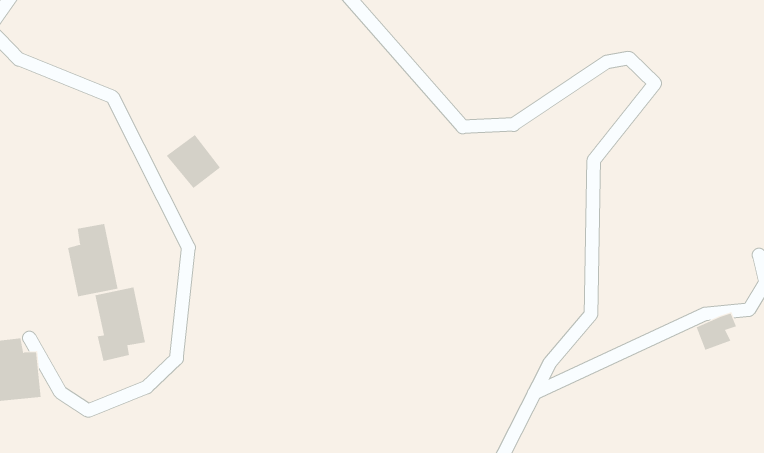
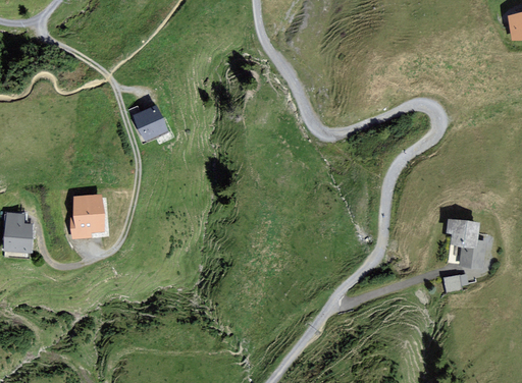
building: [68,223,118,297] -> none
building: none -> [441,218,484,268]

